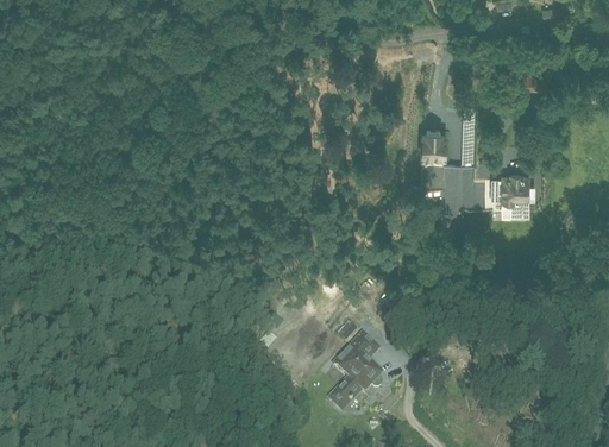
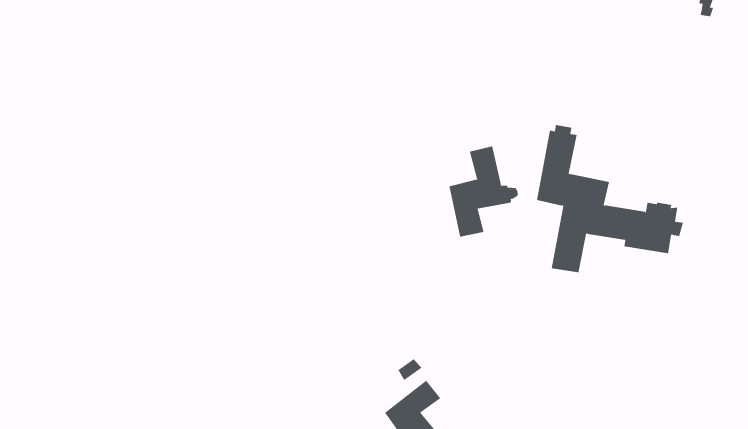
building: none -> [449,145,519,238]

